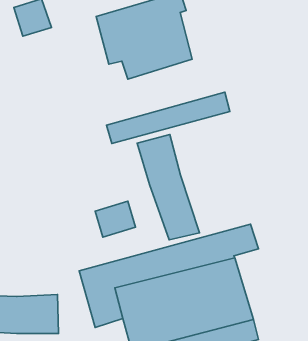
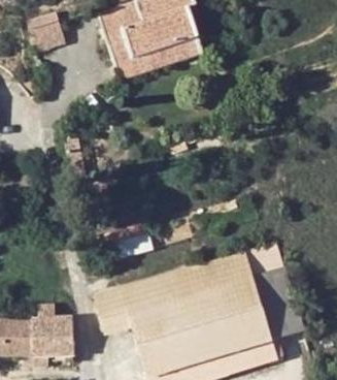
building: [107,92,230,144] -> none
building: [137,134,200,240] -> none

